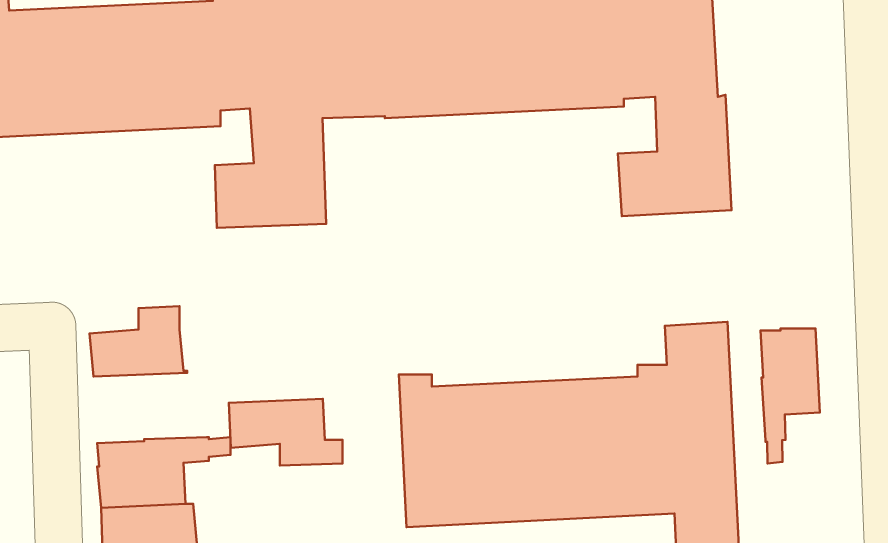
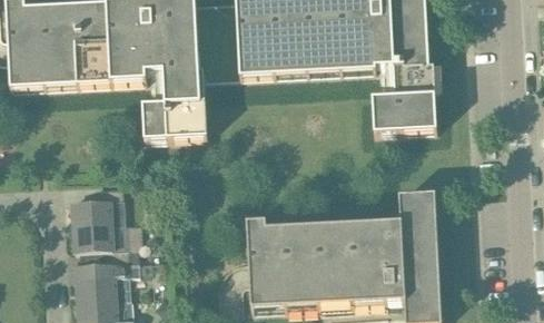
building: [761,328,820,463] -> none
building: [229,399,342,465] -> [73,219,138,257]

